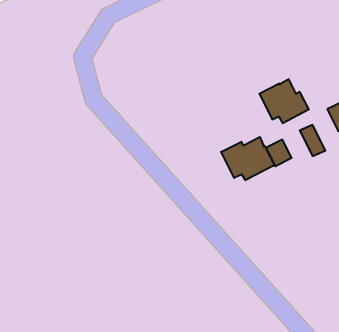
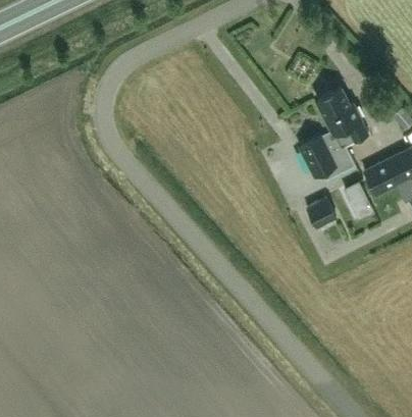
building: none -> [316,89,366,148]
building: [221,137,275,180] -> none

